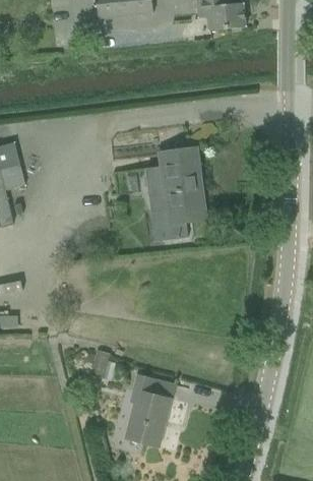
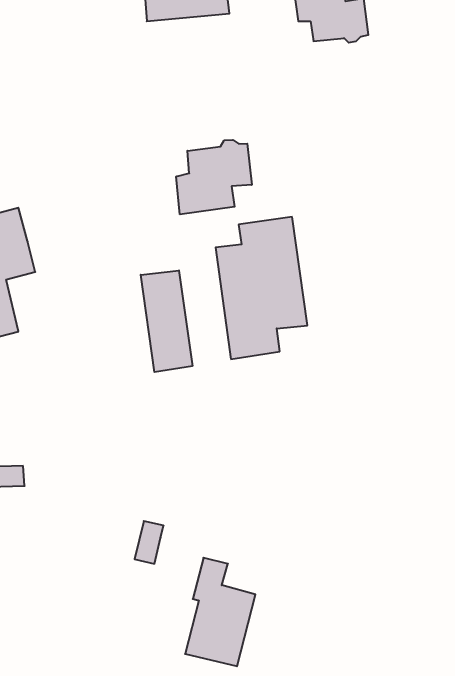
building: none -> [176,140,252,214]
building: none -> [141,270,192,372]

